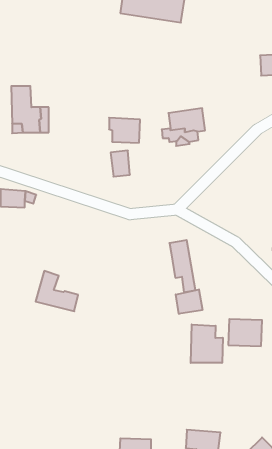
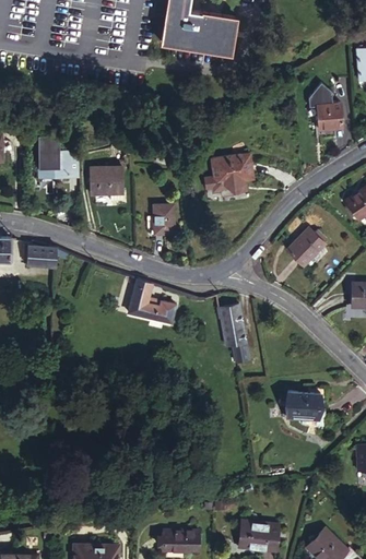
building: [109,118,140,143] -> [93,165,128,193]
building: none -> [285,228,323,266]
building: [36,271,78,311] -> [127,277,175,323]
building: [176,289,202,314] -> none
building: [191,324,223,363] -> none

